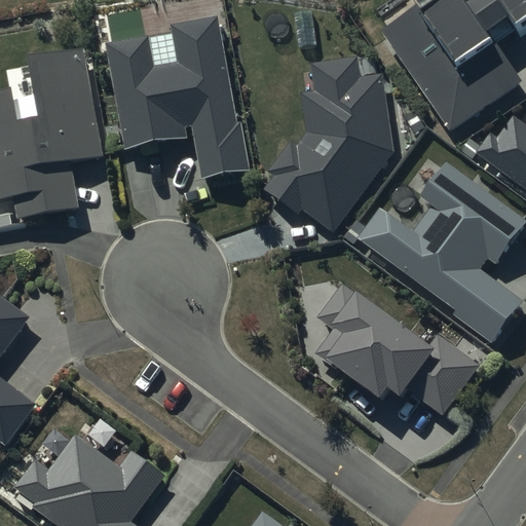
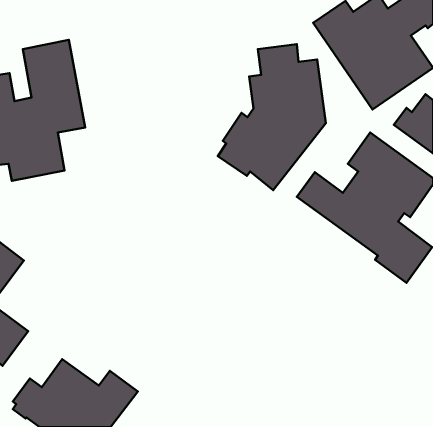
building: [104,14,251,178] -> none
building: [314,283,478,412] -> none

